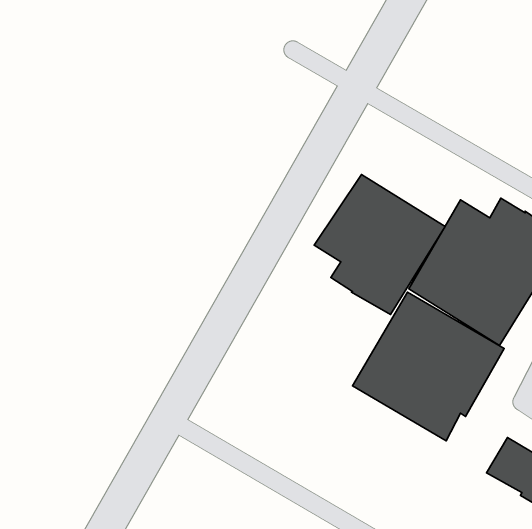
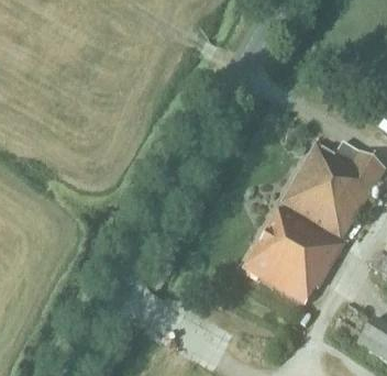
building: [314,175,445,314] -> none

